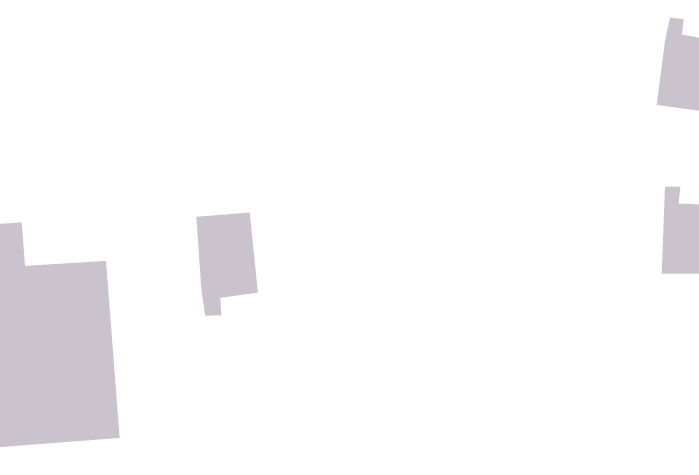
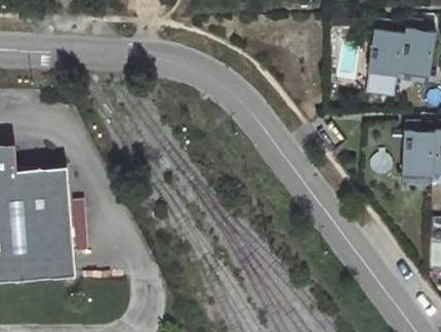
building: none -> [367,20,404,79]
building: [196,212,258,317] -> none

